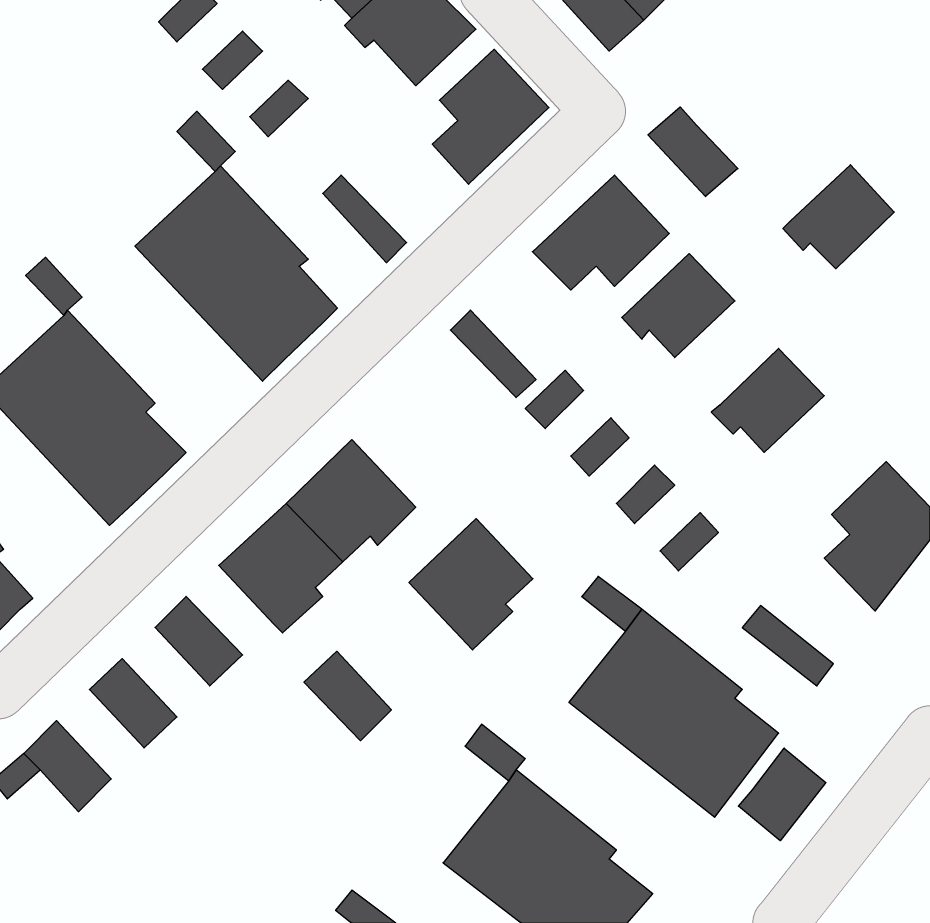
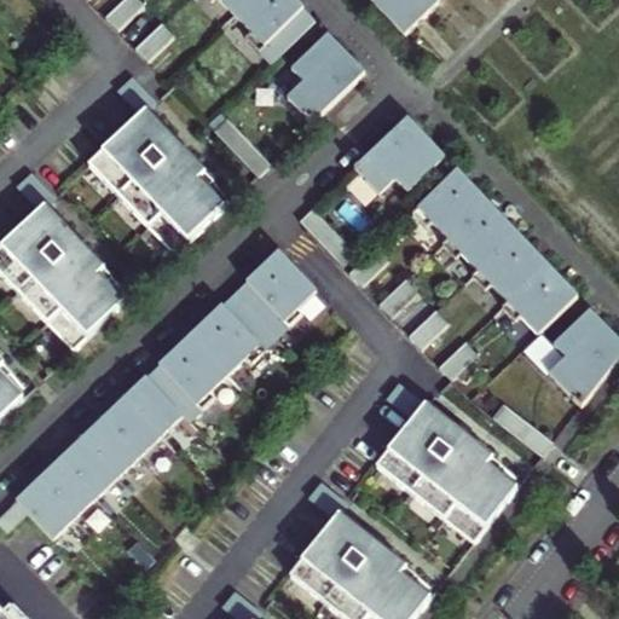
building: [648,107,738,197] -> none
building: [783,165,894,269] -> [442,199,516,268]
building: none -> [502,262,577,332]
building: [409,519,533,650] -> [233,249,316,336]
building: none -> [81,416,139,475]
building: [304,651,391,741] -> [123,375,181,434]
building: none -> [37,457,96,516]
building: [738,748,826,841] -> none

